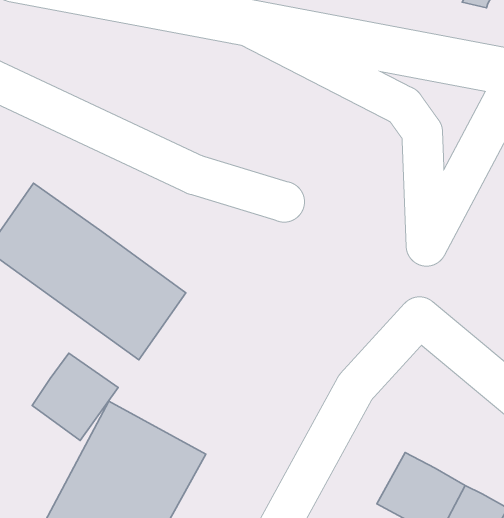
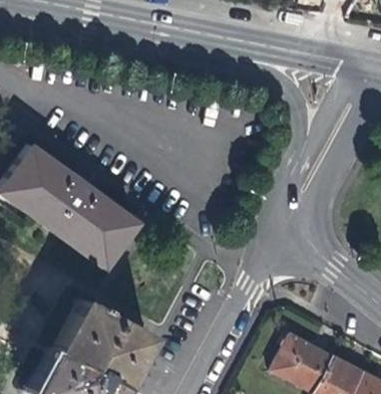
building: [32,353,118,440] -> none

